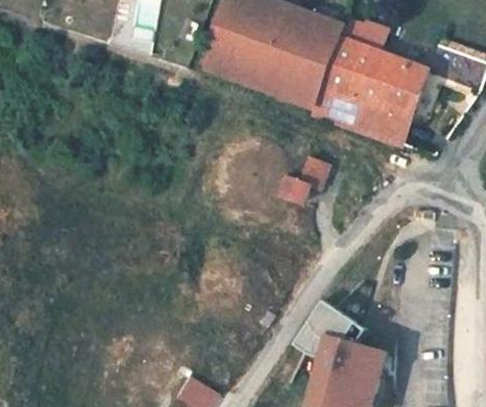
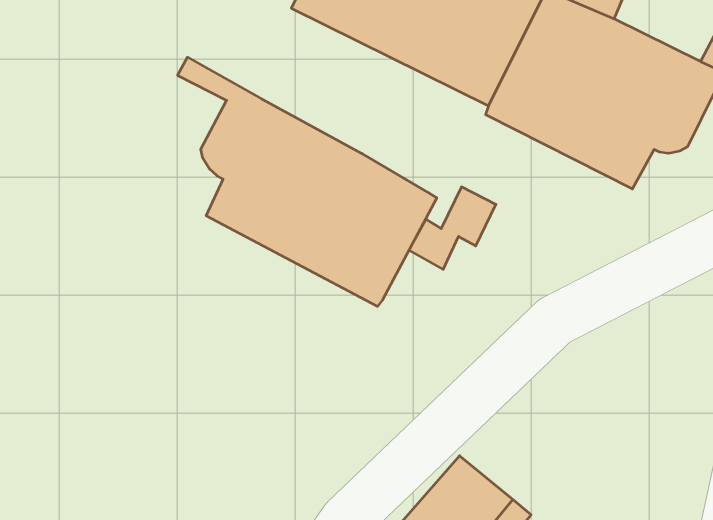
building: none -> [178,57,437,306]

